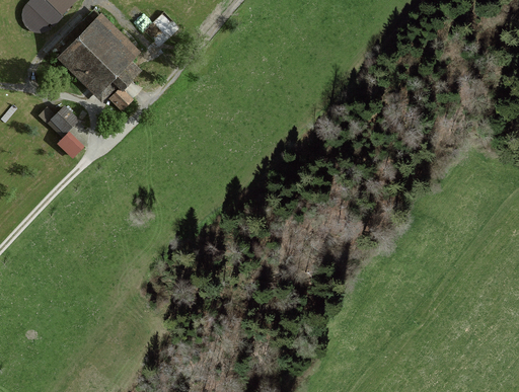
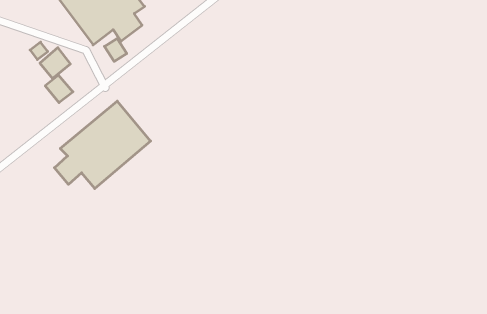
building: none -> [54,101,151,189]

